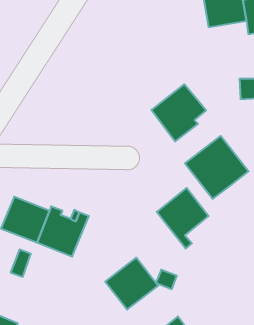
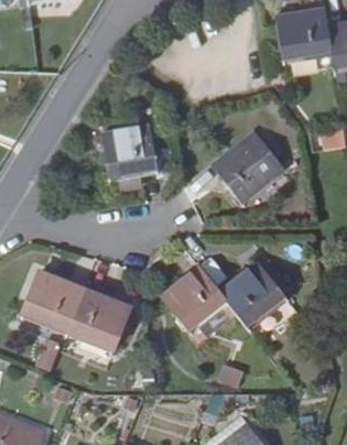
building: none -> [102,126,158,178]
building: [185,136,249,199] -> none
building: [105,258,158,310] -> [161,267,227,332]

